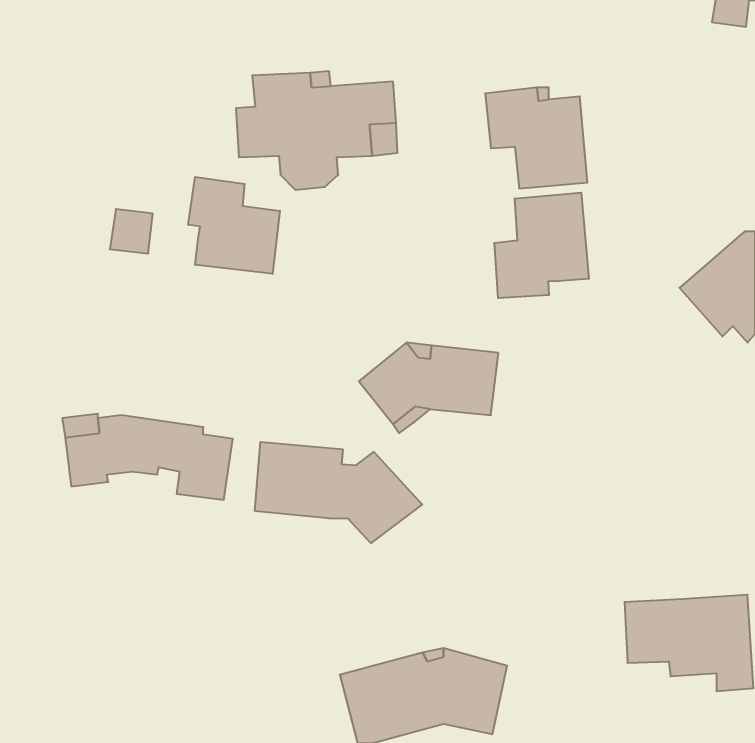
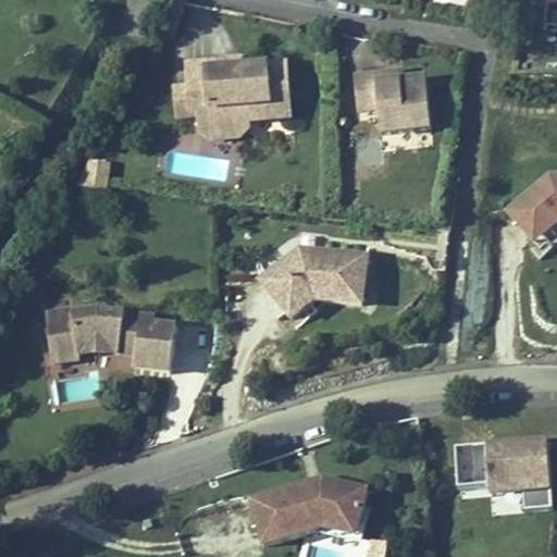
building: [188,177,280,274] -> none
building: [494,193,589,298] -> none
building: [255,442,422,543] -> none

